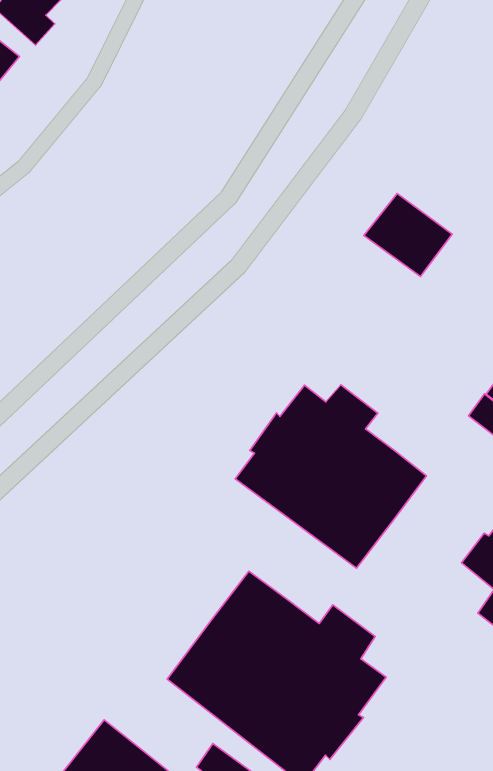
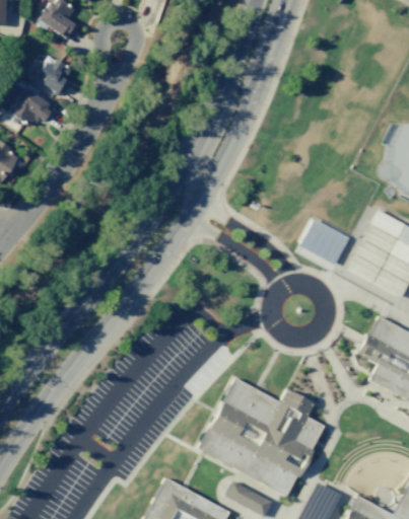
building: [364,193,452,277] -> [299,218,350,264]
building: [235,385,427,568] -> none

